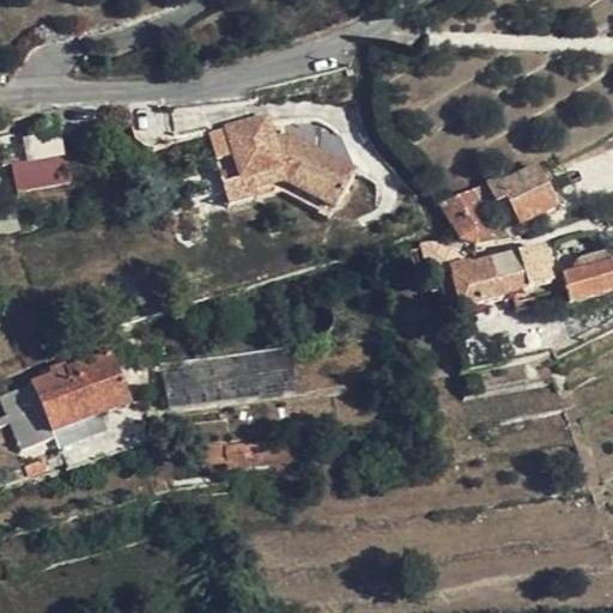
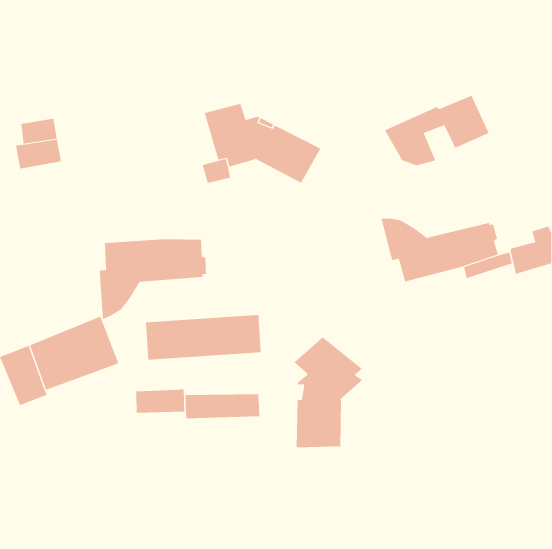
building: [441,165,557,243] -> [384,95,489,166]
building: none -> [99,239,207,320]
building: none -> [294,337,363,448]
building: none -> [136,389,185,414]

